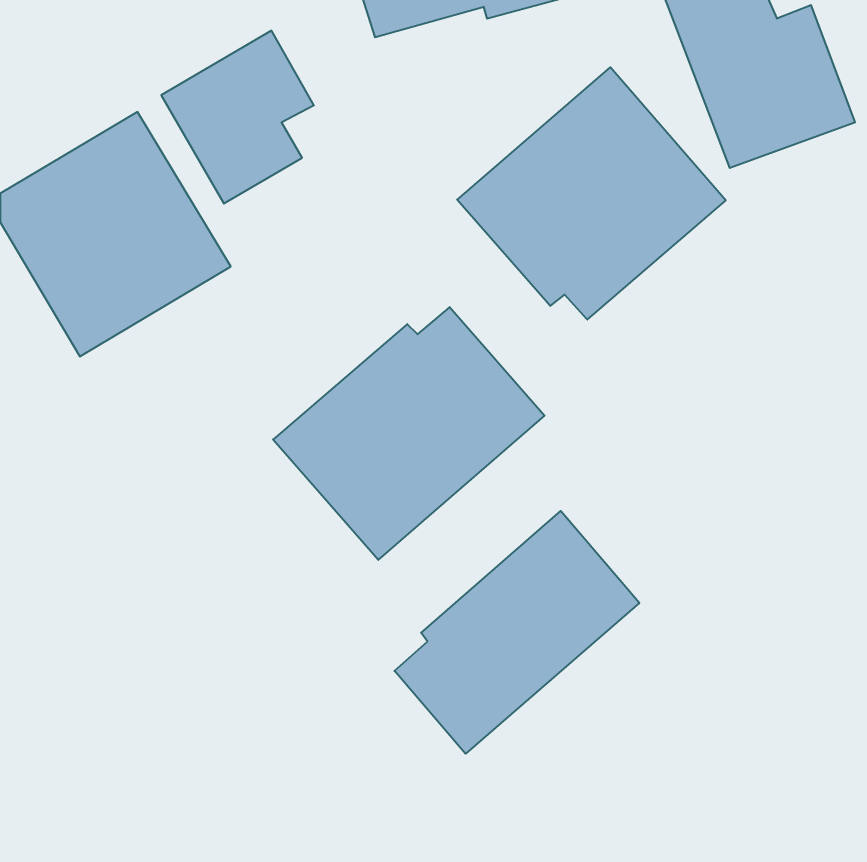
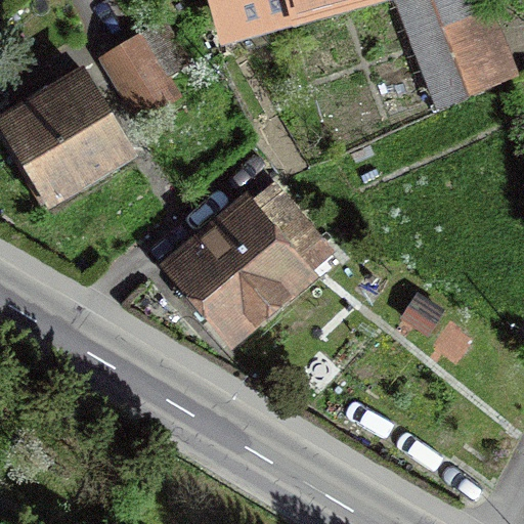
building: [457,67,726,320] -> none
building: [394,511,639,754] -> none

